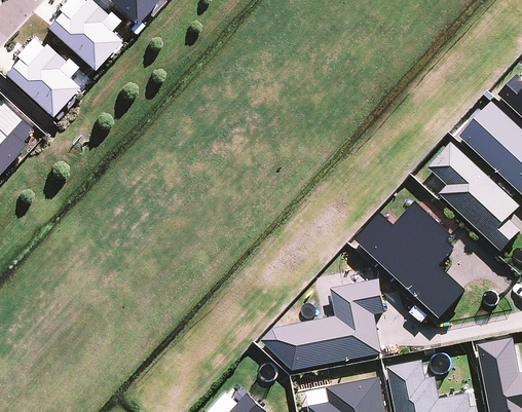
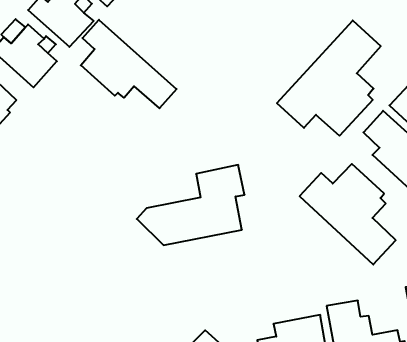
building: none -> [81,20,177,108]
building: none -> [277,20,381,136]
building: [263,279,386,371] -> [137,165,245,245]

